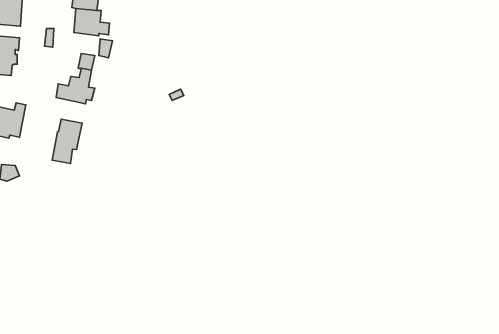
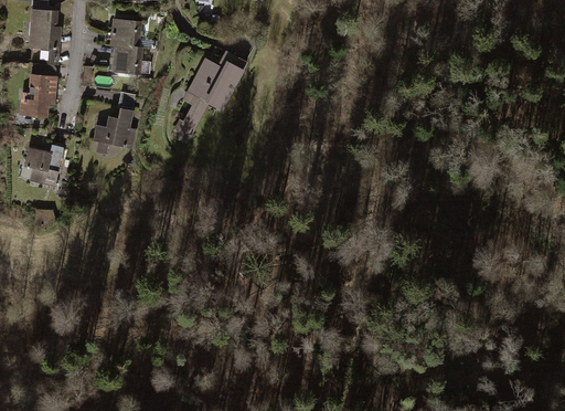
building: none -> [184,51,246,126]
building: [52,119,82,163] -> none

